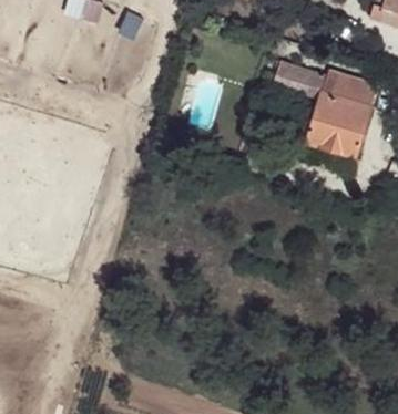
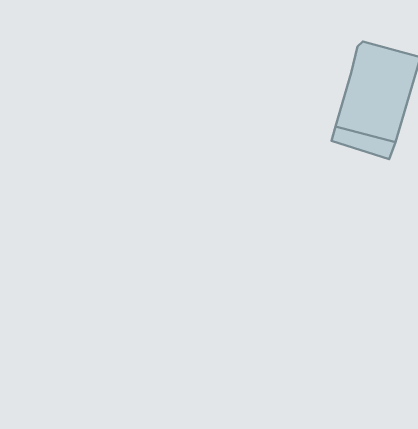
building: [276,61,325,95] -> none

